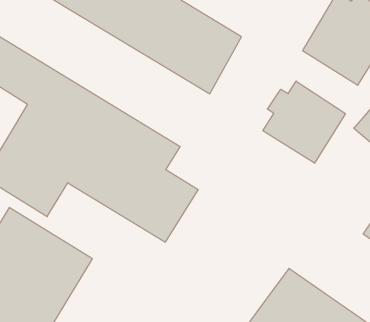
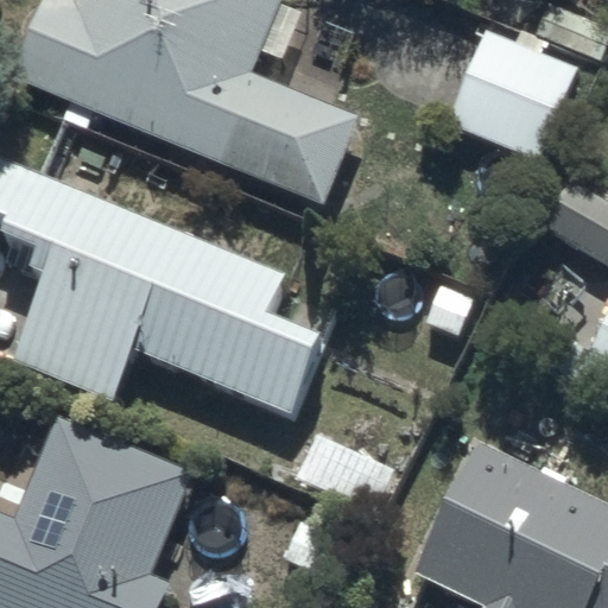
building: [263,81,345,163] -> none

